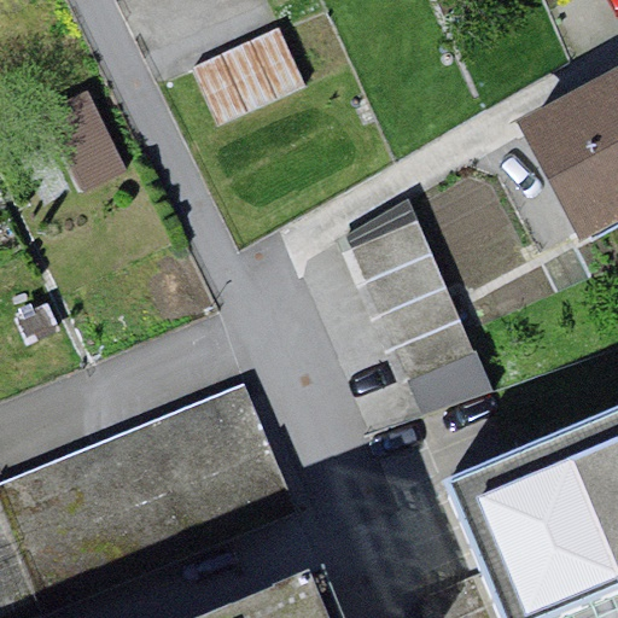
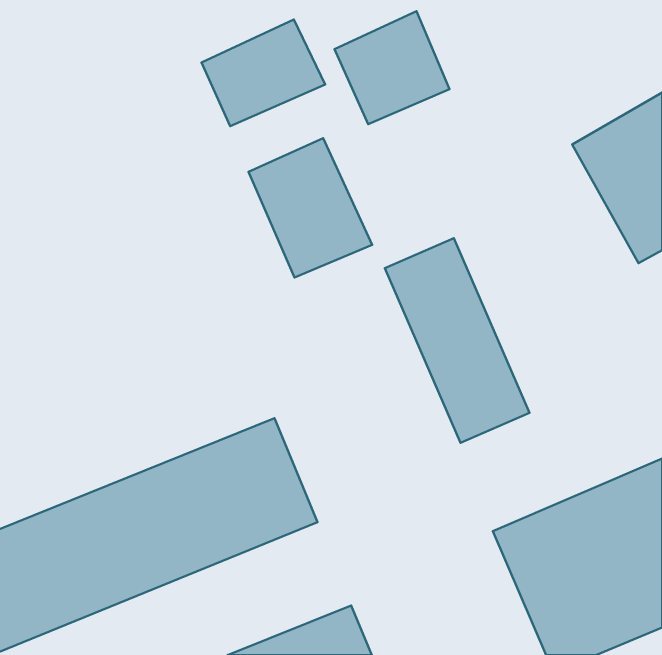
building: none -> [334,11,450,124]
building: [35,80,122,185] -> none
building: none -> [249,138,372,278]

